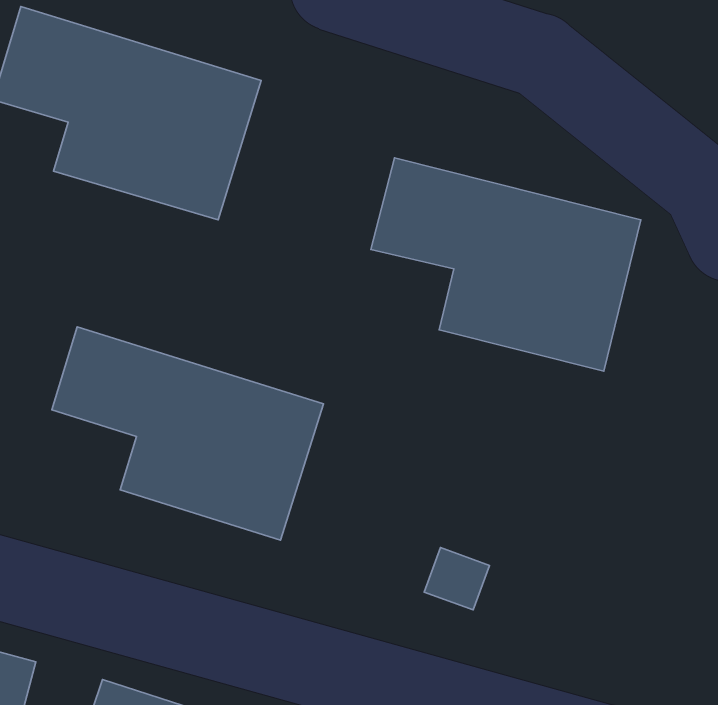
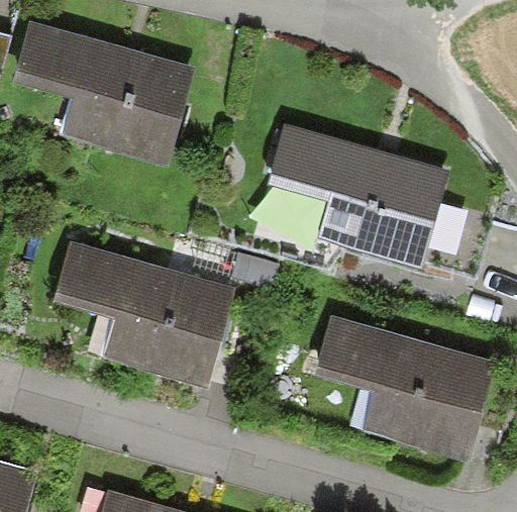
building: none -> [310,314,495,465]

